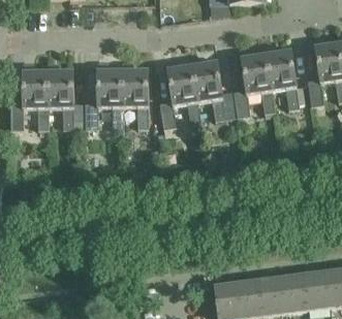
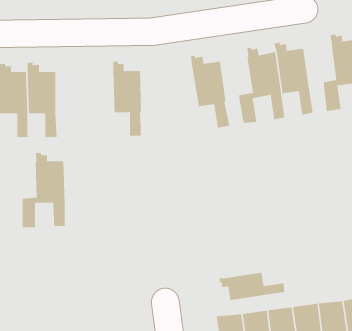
building: [159,61,200,129] -> none
building: [85,63,123,129] -> [22,153,65,228]
building: none -> [219,272,285,301]

